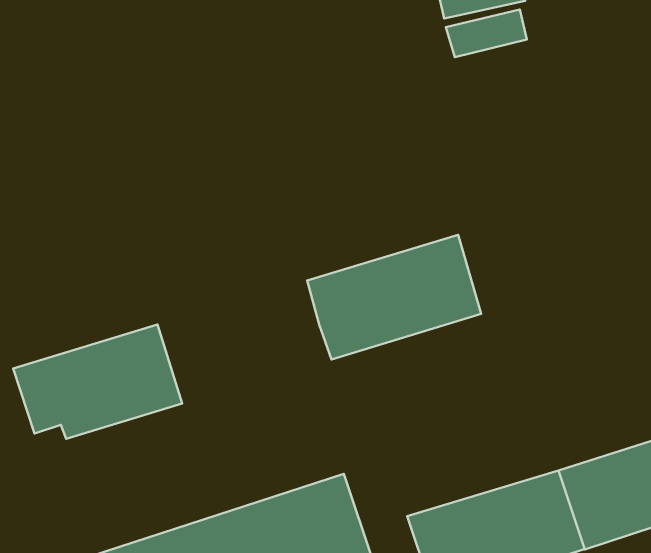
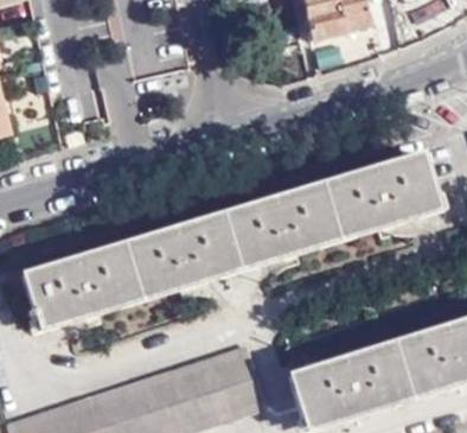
building: none -> [324,155,431,237]
building: none -> [121,215,238,298]

